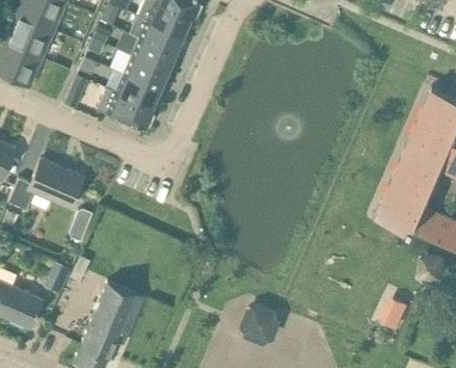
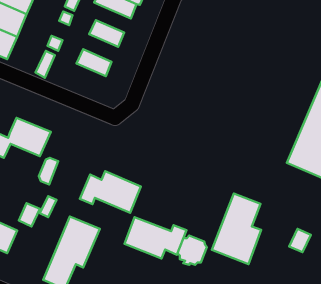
building: [139,20,183,53] -> none
building: [124,55,167,89] -> none
building: [97,87,155,130] -> none
building: none -> [80,171,141,213]
building: none -> [212,194,261,264]
building: none -> [124,217,186,258]

